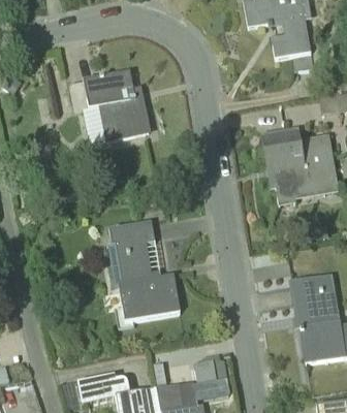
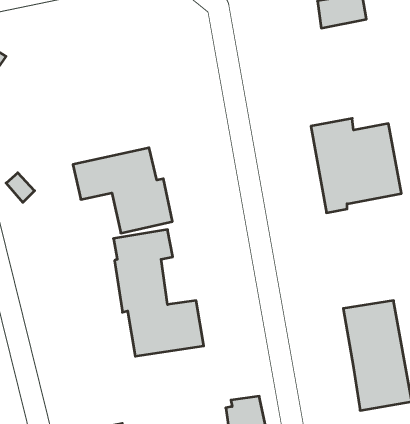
building: [68,70,148,138] -> [73,148,172,233]

